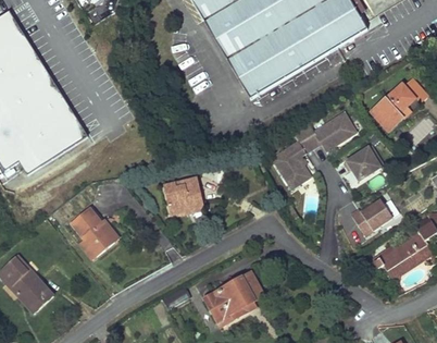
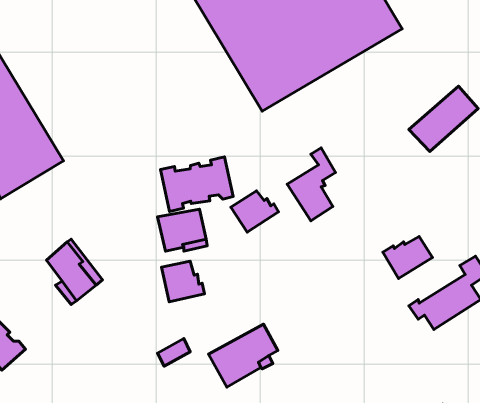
building: [299,111,354,149] -> none
building: none -> [161,157,233,211]
building: [342,144,379,179] -> none
building: none -> [231,191,279,232]
building: none -> [162,261,204,302]

